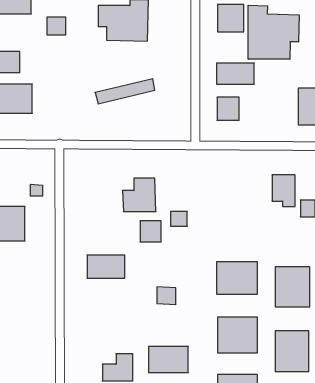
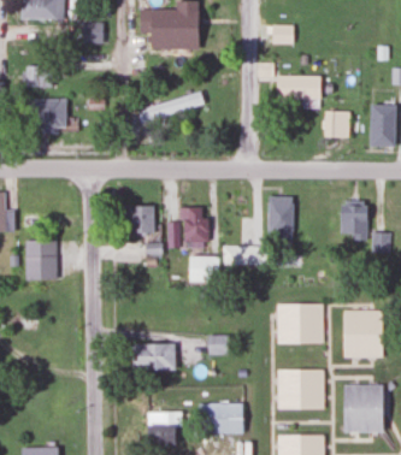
building: [248,5,299,59] -> none
building: [217,97,239,120] -> [325,112,350,138]
building: none -> [269,196,294,238]
building: none -> [124,206,155,235]
building: [87,255,125,278] -> [132,342,176,368]

